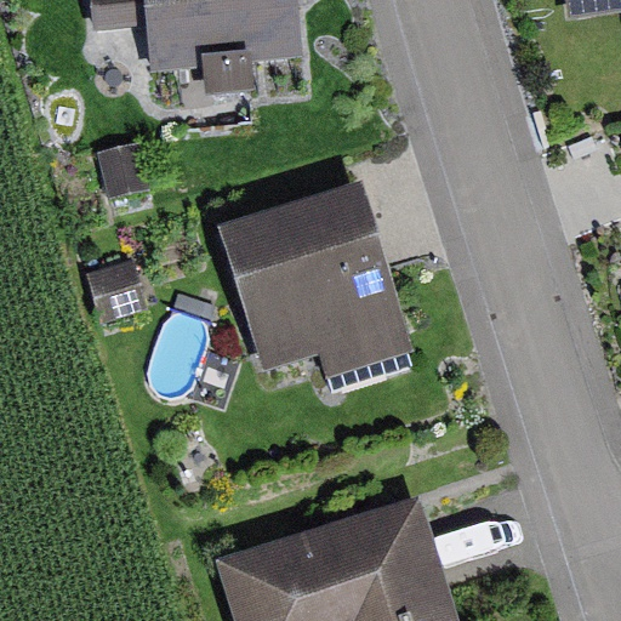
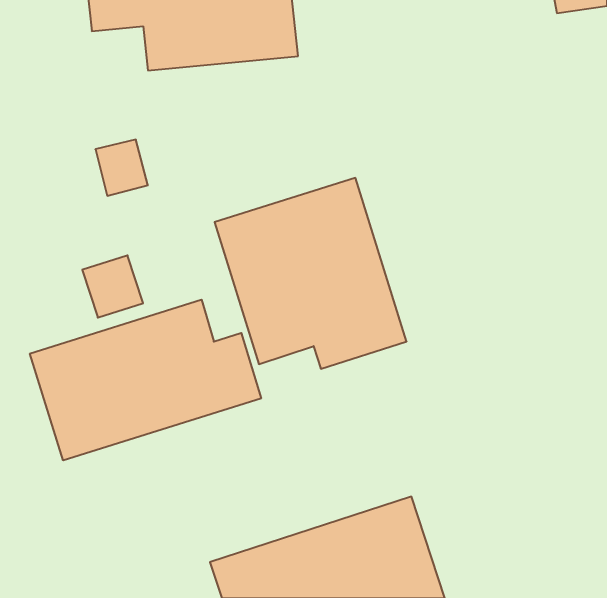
building: none -> [30,300,261,460]

